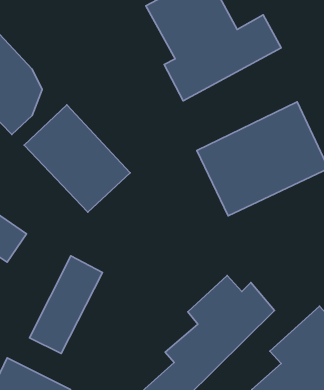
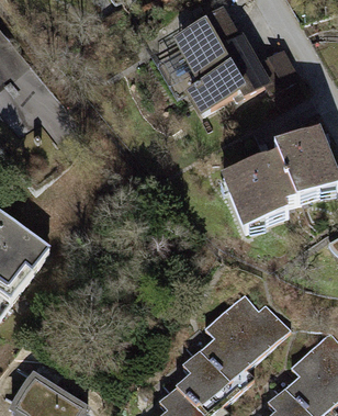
building: [24,105,130,212] -> none
building: [30,256,102,354] -> none

